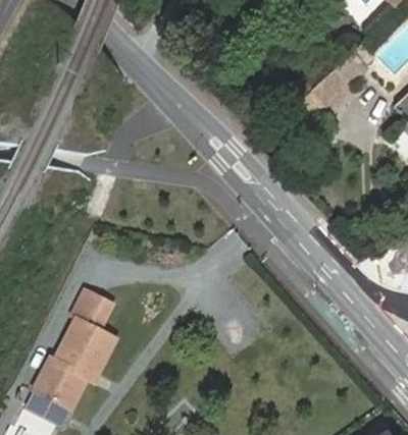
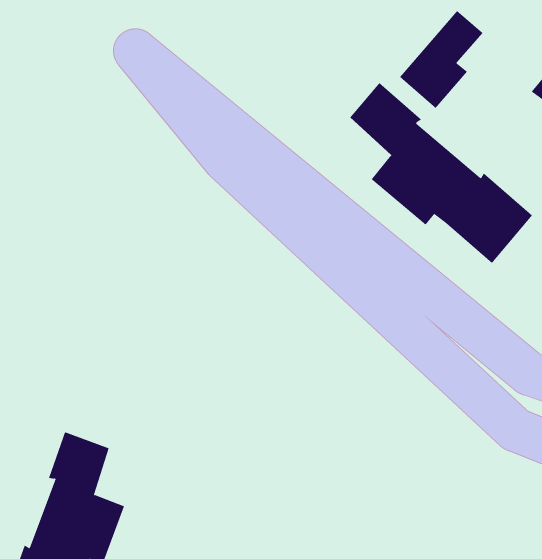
building: none -> [349,82,533,264]

